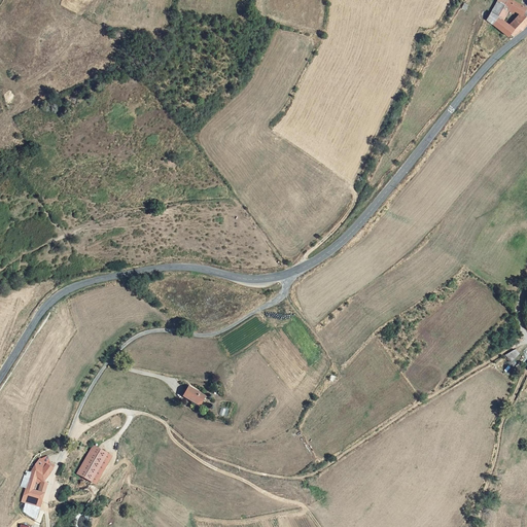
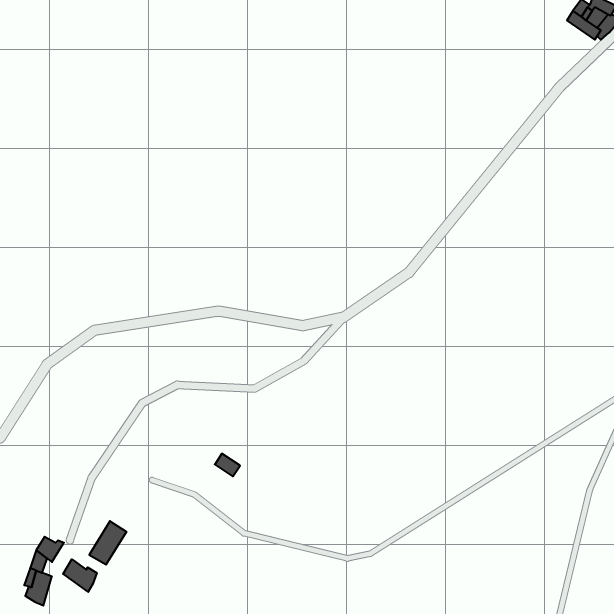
building: none -> [63,559,97,592]

